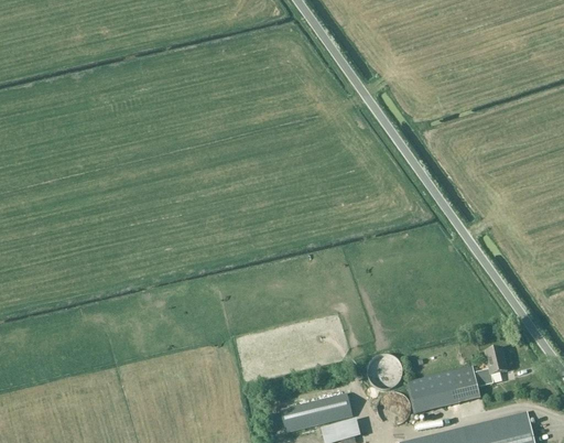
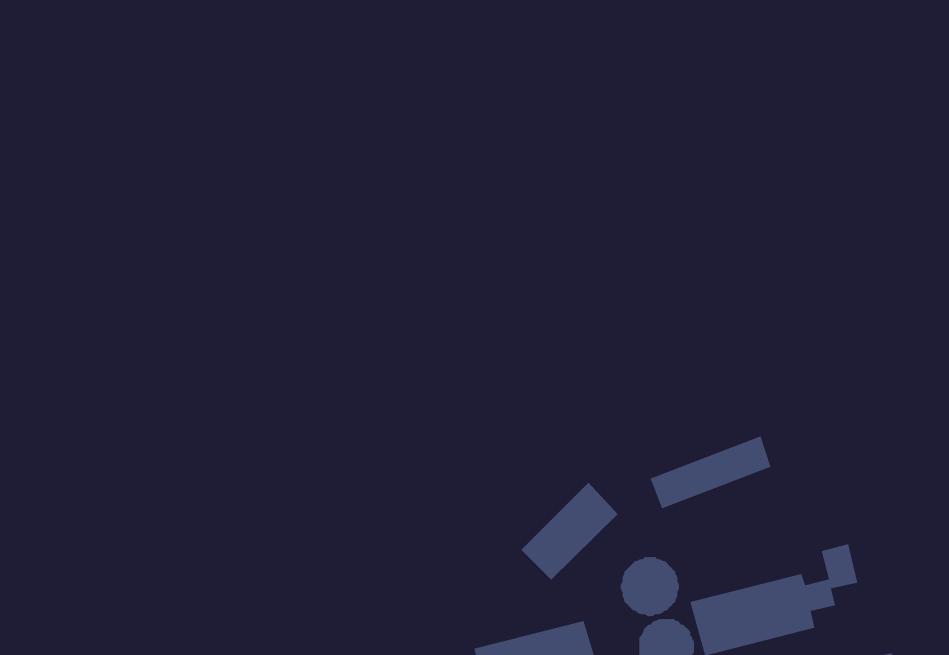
building: none -> [650,435,771,509]
building: none -> [520,482,619,581]

